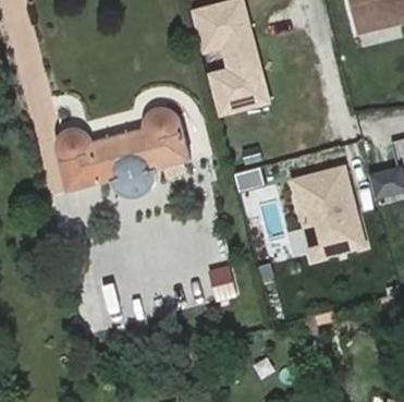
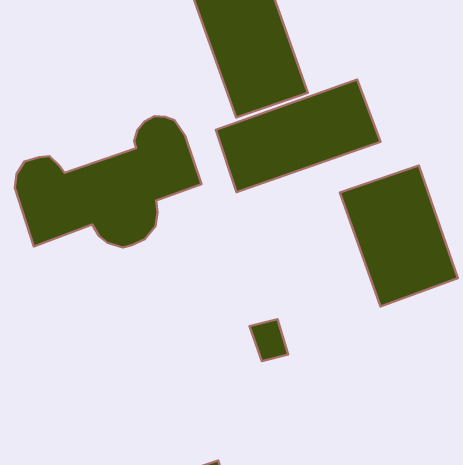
building: none -> [216,80,381,192]

